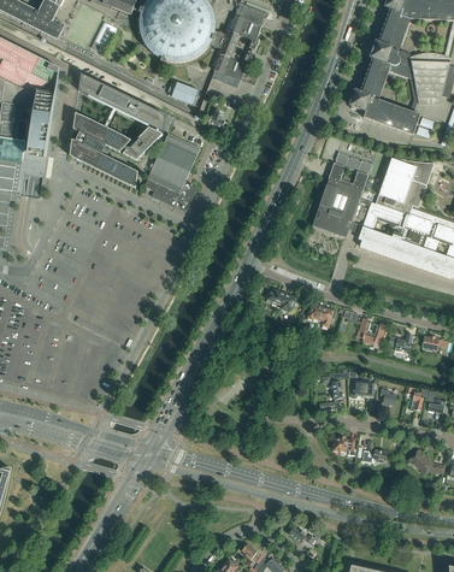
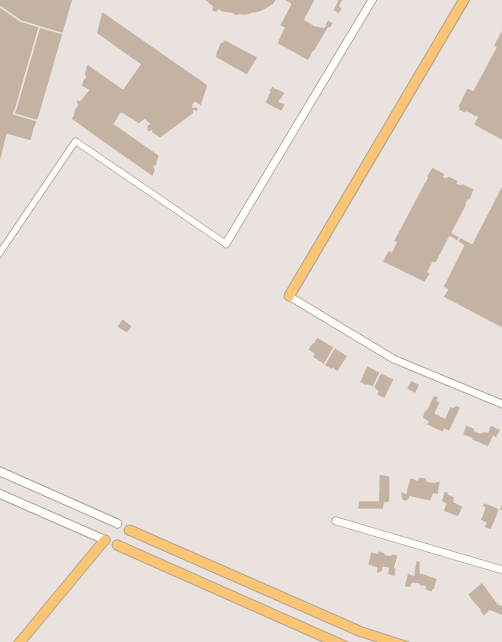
building: [145,132,201,211] -> none

